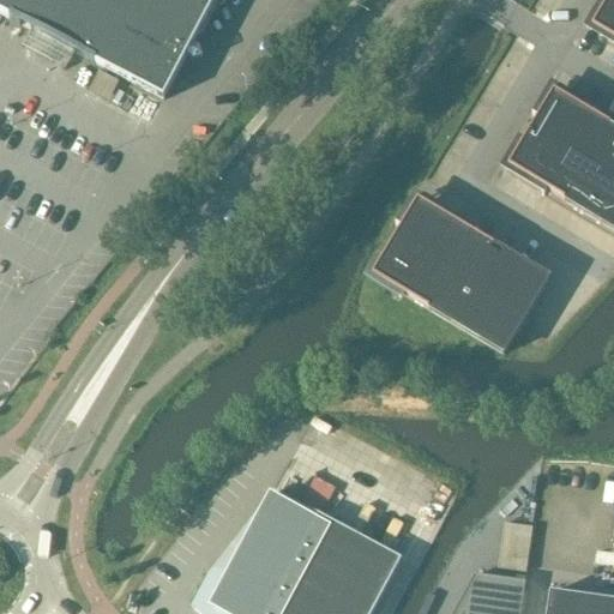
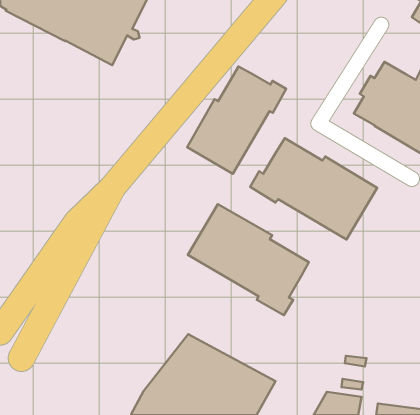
building: none -> [187,67,286,174]
building: none -> [188,204,309,315]

